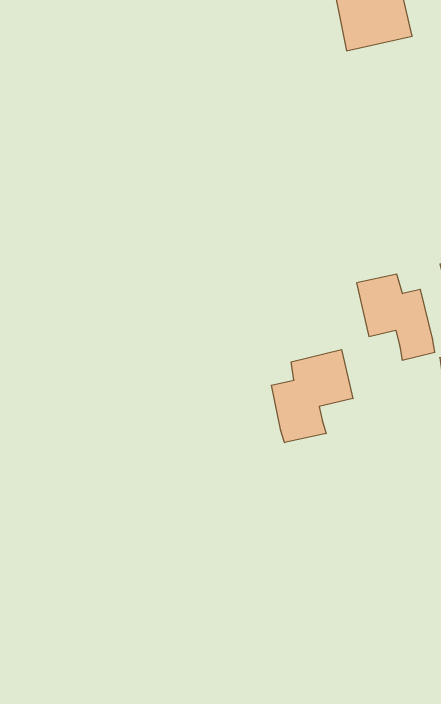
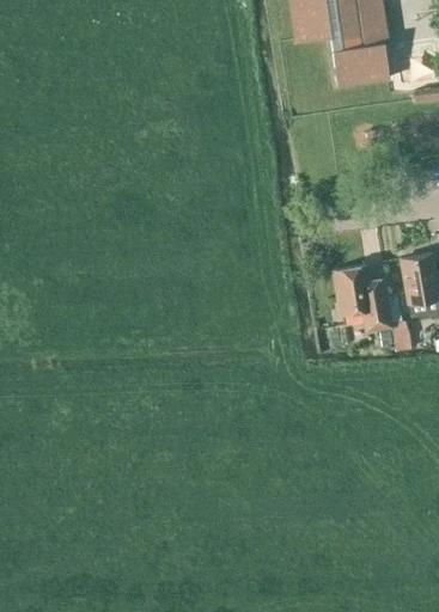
building: [271,350,353,443] -> none

